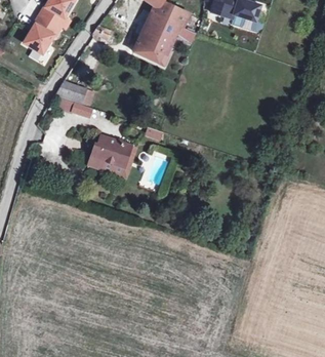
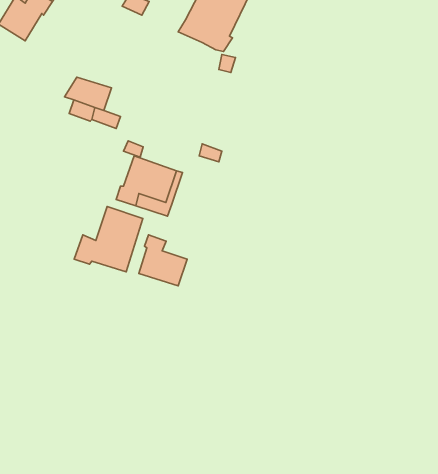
building: none -> [74,207,143,272]
building: none -> [139,235,187,286]

